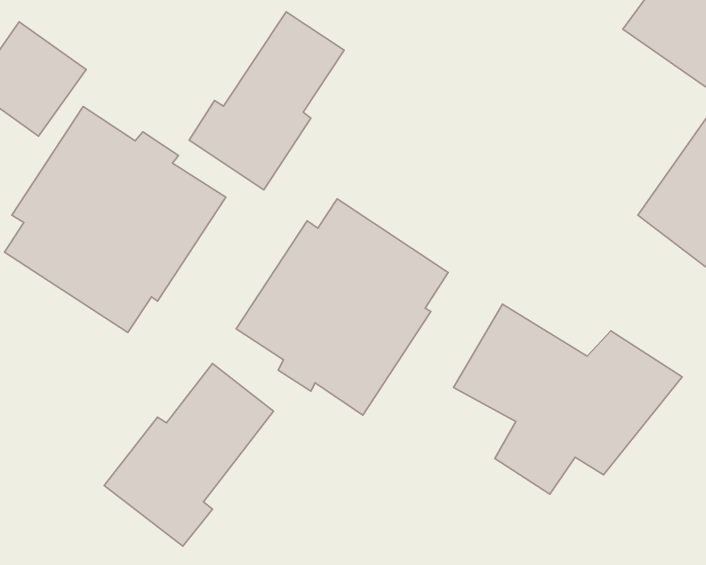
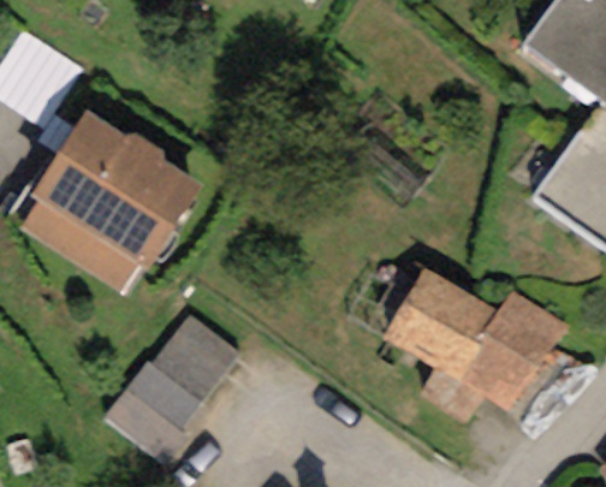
building: [189,12,344,190] -> none
building: [236,199,448,415] -> none

